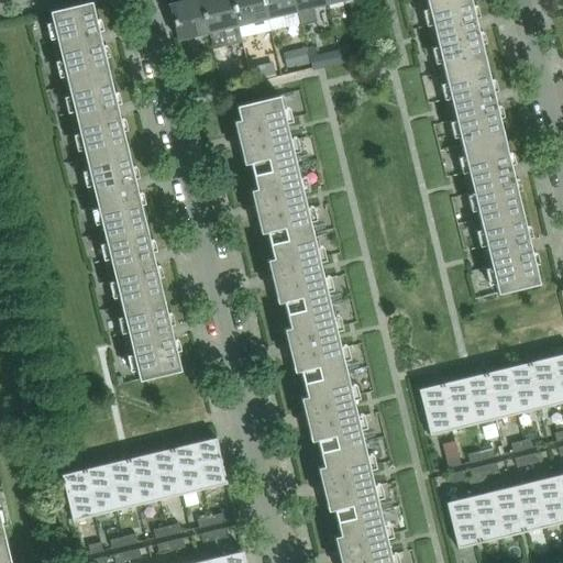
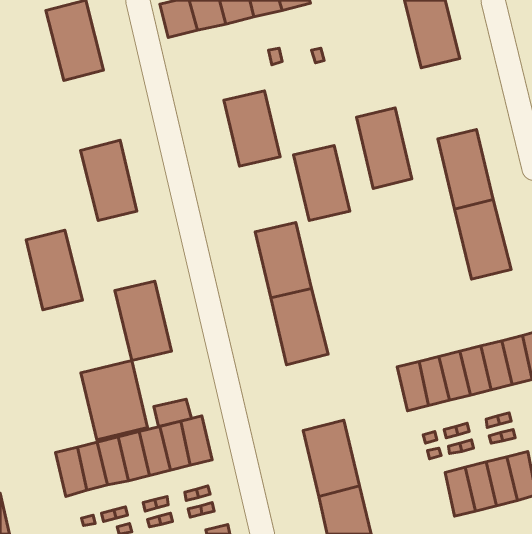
building: [445,62,504,146] -> [357,108,412,188]
building: [69,74,129,158] -> none
building: [254,165,313,244] -> [293,145,350,221]
building: [106,222,165,306] -> [26,230,83,310]
building: [303,373,364,453] -> none
building: none -> [81,360,148,440]
building: none -> [154,399,191,426]
building: [448,497,481,549] -> none

